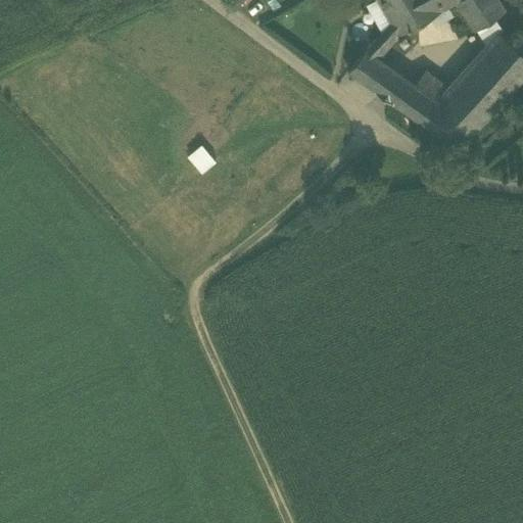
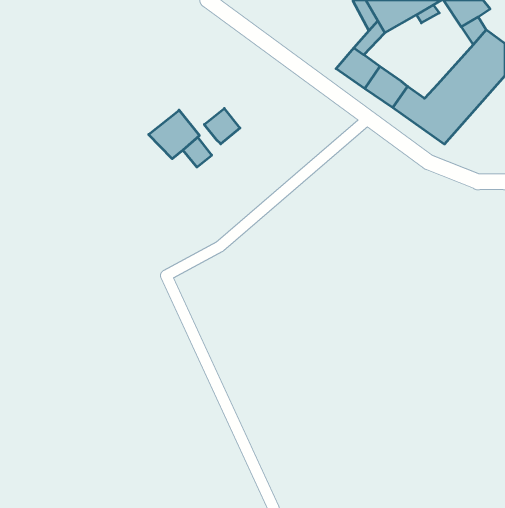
building: [413,67,449,101] -> none
building: none -> [204,108,240,144]
building: none -> [149,110,199,159]

